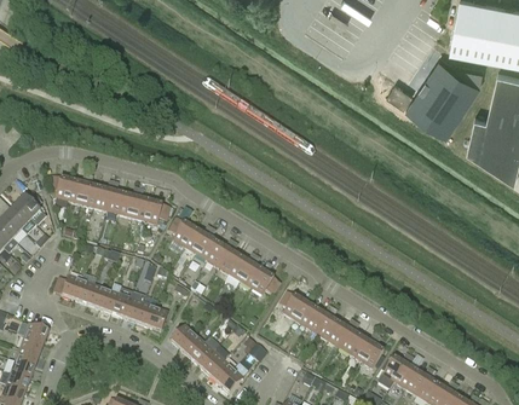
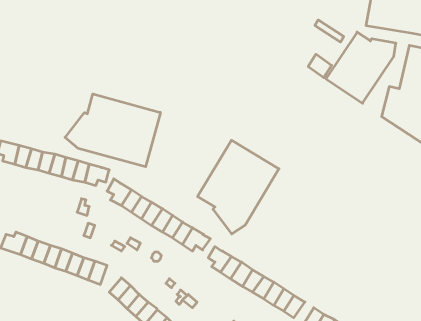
building: none -> [65,94,160,167]
building: none -> [198,140,279,234]

